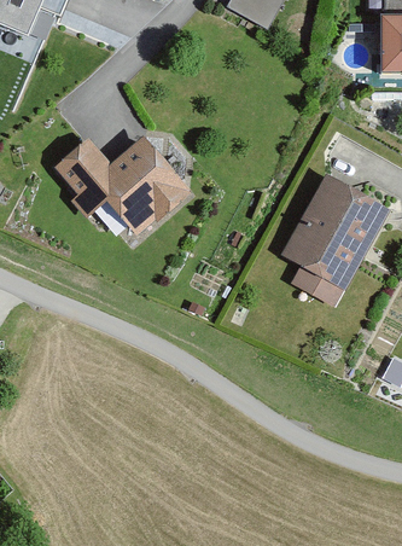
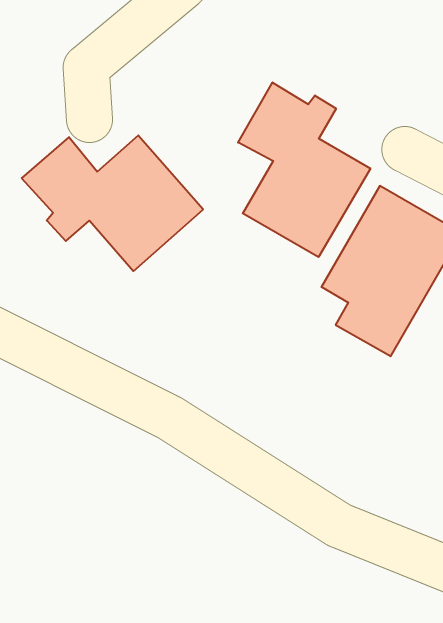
building: none -> [238,82,370,257]

